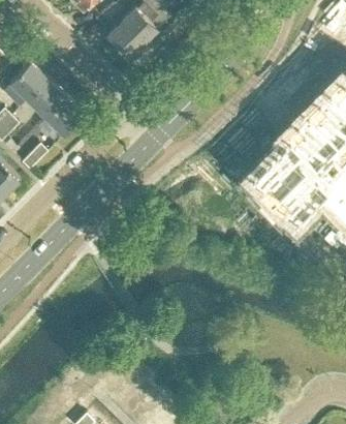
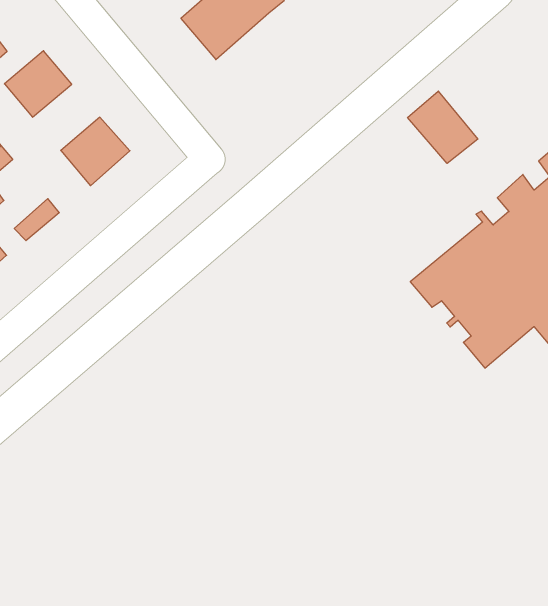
building: none -> [408,91,478,163]
building: [26,82,64,120] -> none

